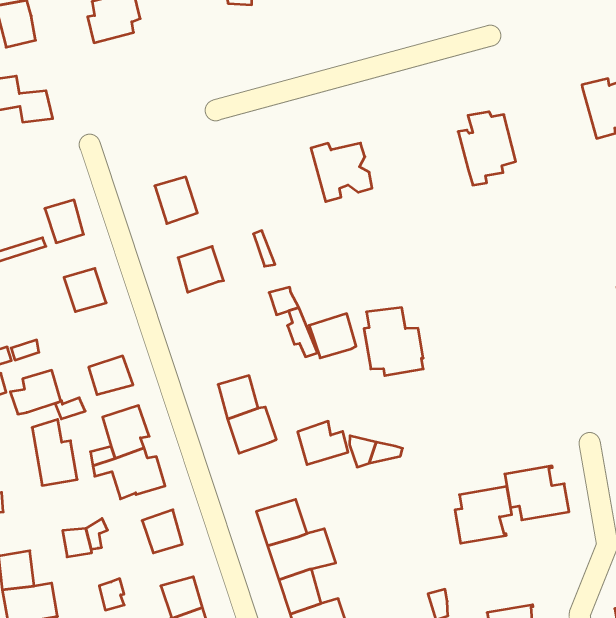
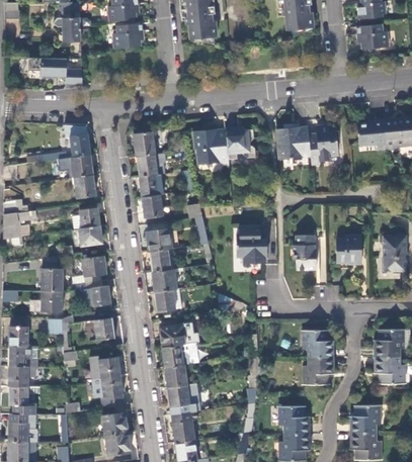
building: none -> [357,121,386,153]
building: none -> [276,127,311,160]
building: none -> [193,128,229,165]
building: none -> [137,153,166,177]
building: none -> [70,155,92,177]
building: none -> [142,194,163,218]
building: none -> [337,236,361,268]
building: none -> [293,235,317,270]
building: [309,314,356,358] -> [147,229,171,252]
building: [10,370,61,414] -> [72,208,99,229]
building: [298,421,348,465] -> [155,289,181,311]
building: none -> [42,291,62,311]
building: [455,486,512,543] -> [303,357,334,384]

